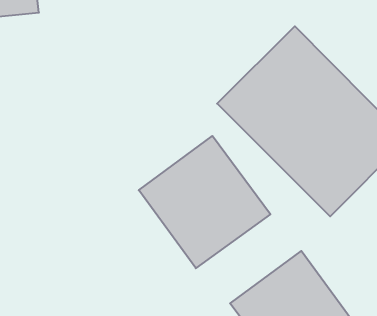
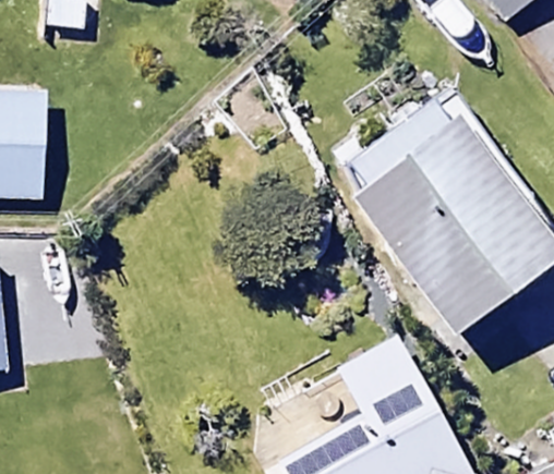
building: [139,136,270,268] -> none

